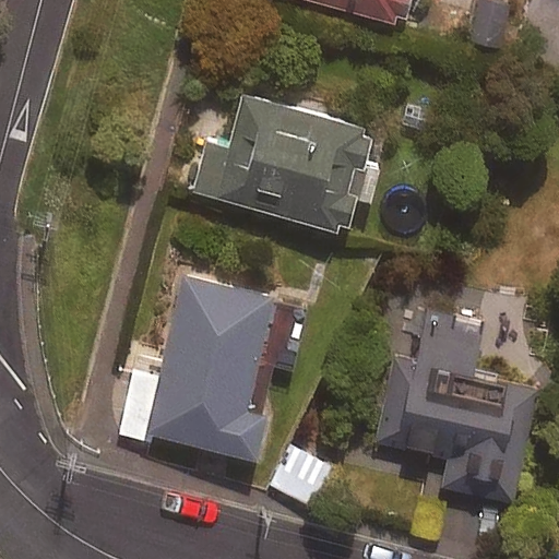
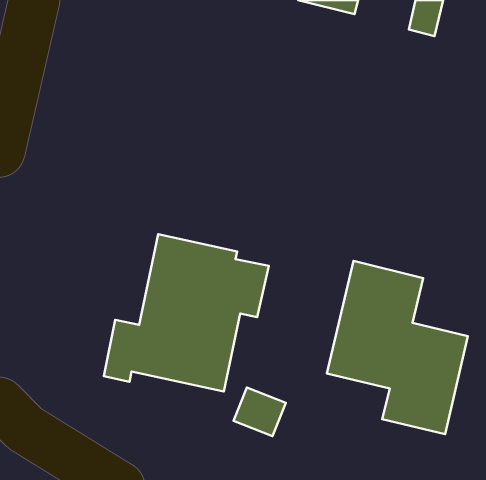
building: [191,96,378,233] -> none

